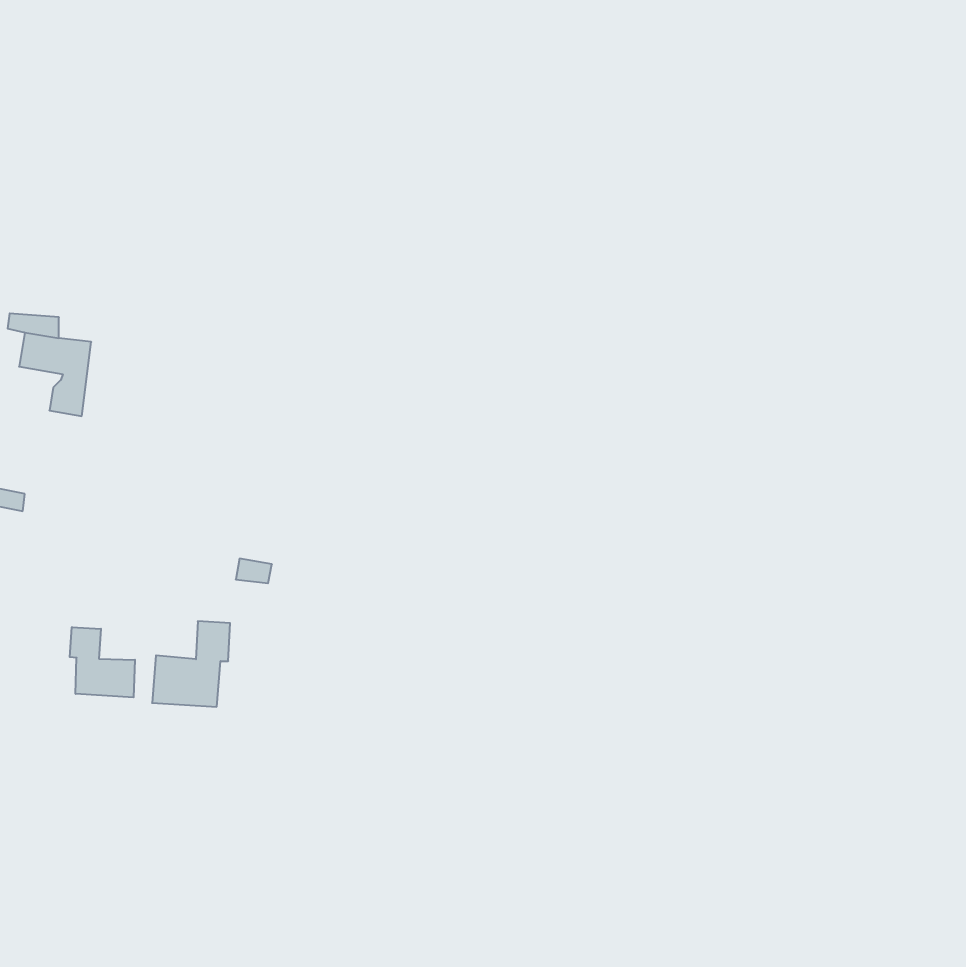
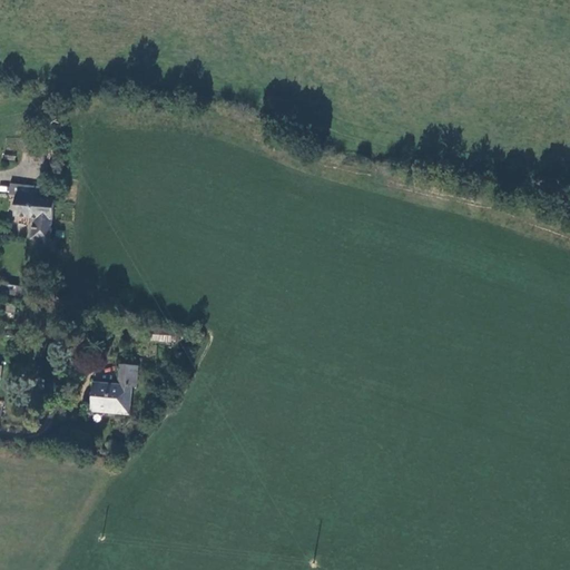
building: [70,627,135,697] -> none

